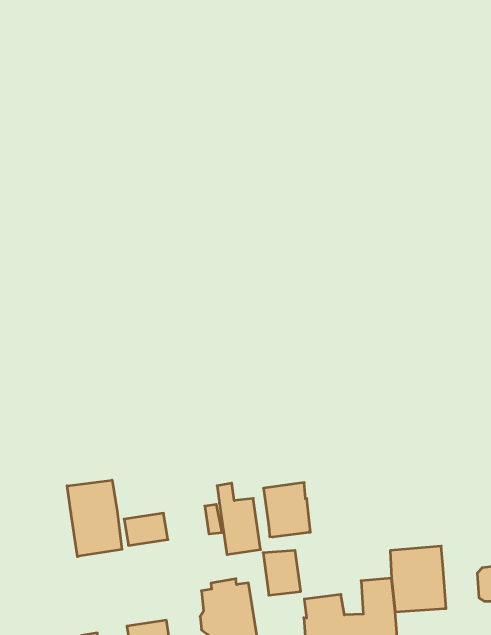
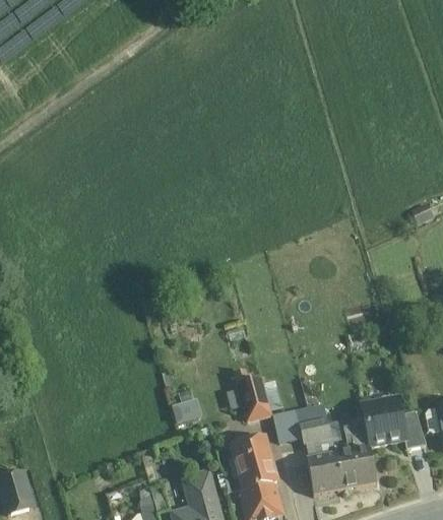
building: [67,480,122,557] -> none
building: [263,483,310,537] -> [295,403,331,444]
building: none -> [400,410,426,449]

